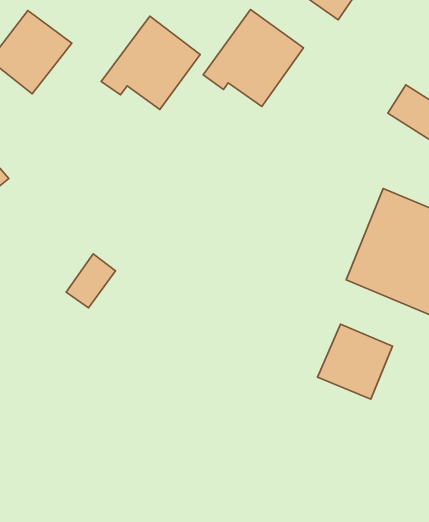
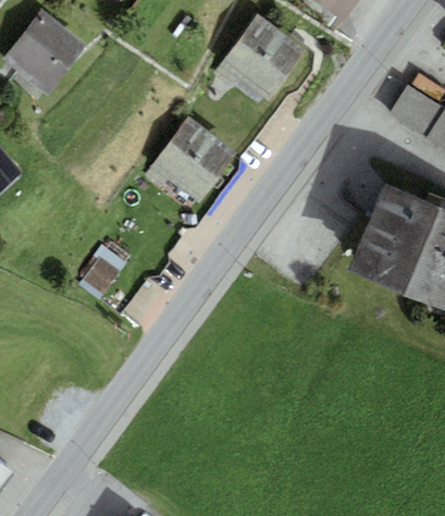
building: [101,16,200,110] -> [141,114,237,205]
building: [318,324,393,399] -> none

